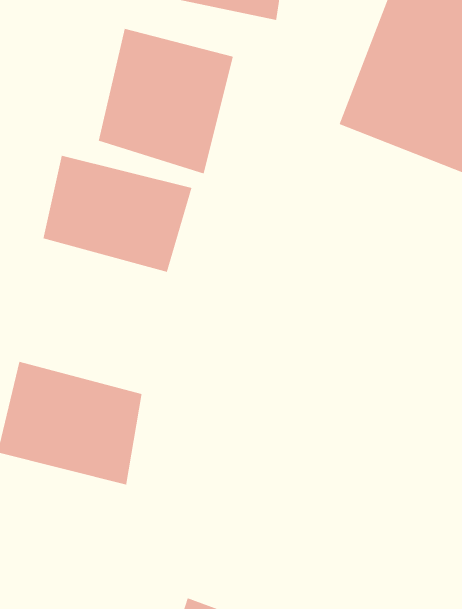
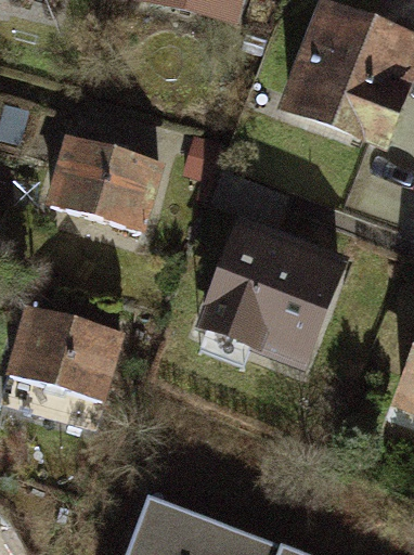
building: [98,28,234,174] -> none
building: none -> [206,221,362,377]

